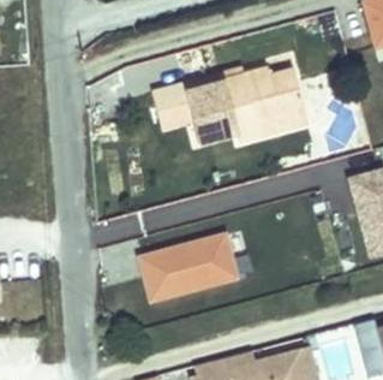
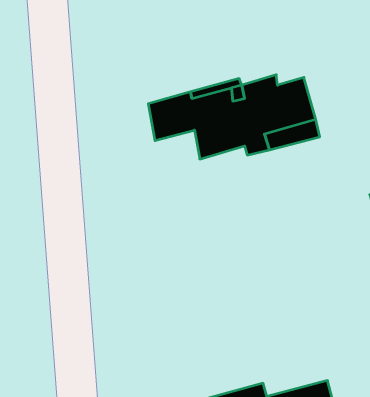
building: [140,238,238,303] -> none

